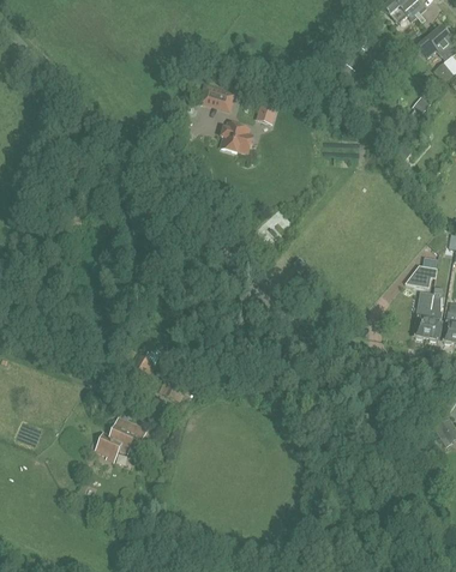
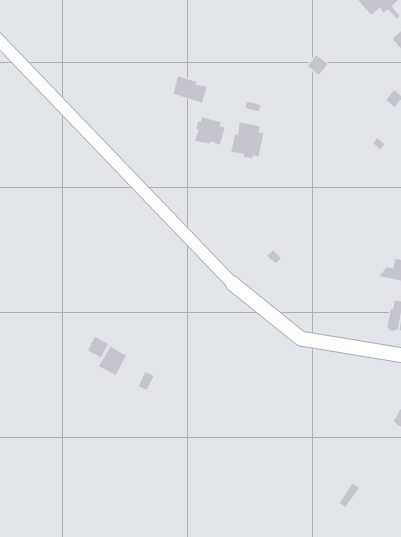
building: none -> [230,122,265,159]
building: [95,415,146,459] -> none

